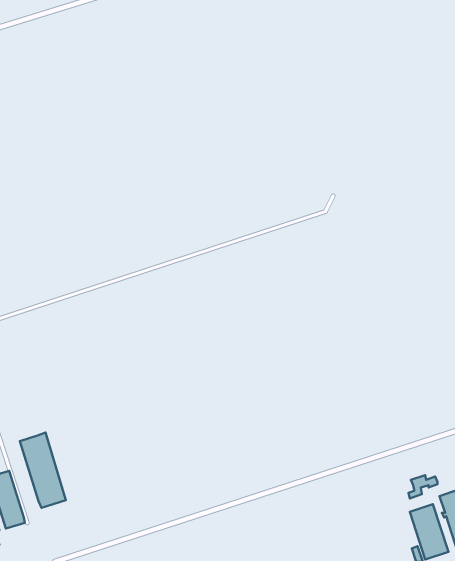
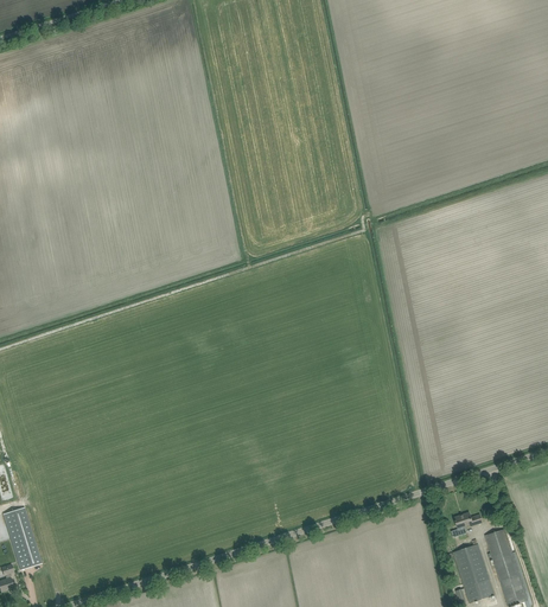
building: [20,432,66,508] -> none

